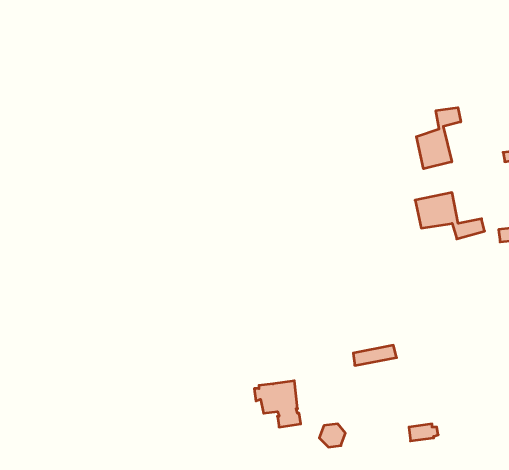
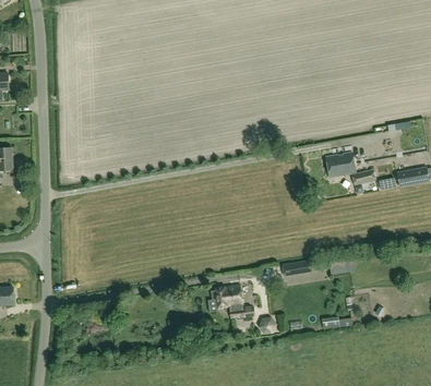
building: [416,108,461,169] -> none

